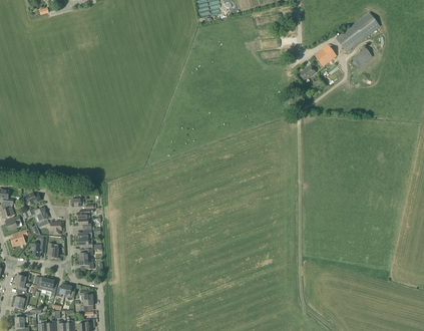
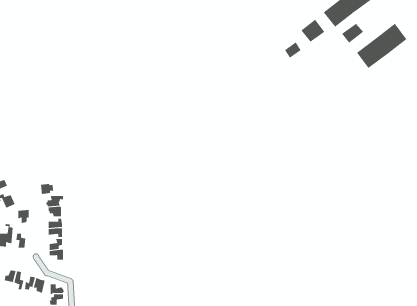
building: none -> [356,23,407,69]

